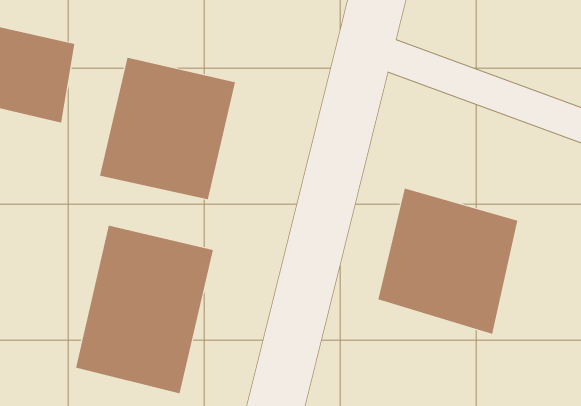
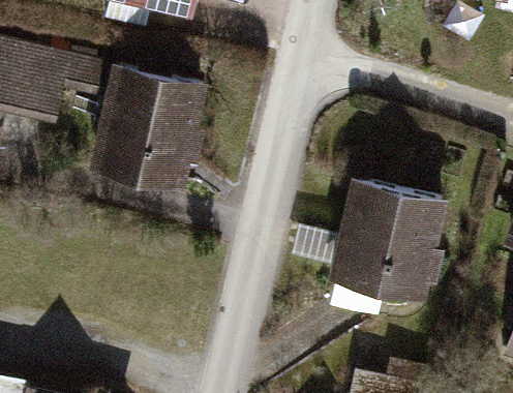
building: [75,225,213,394] -> none

